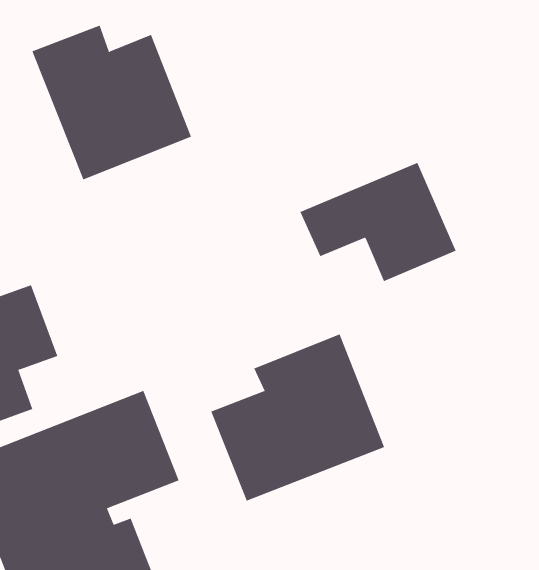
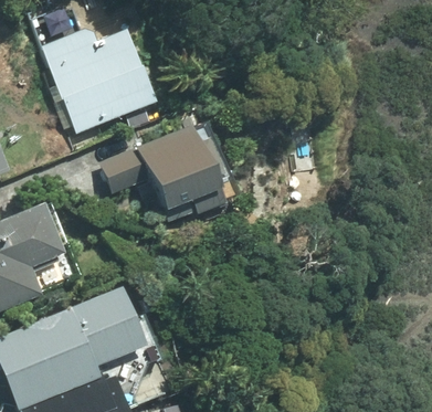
building: [299,162,457,282] -> [103,125,214,210]
building: [210,334,385,502] -> none

